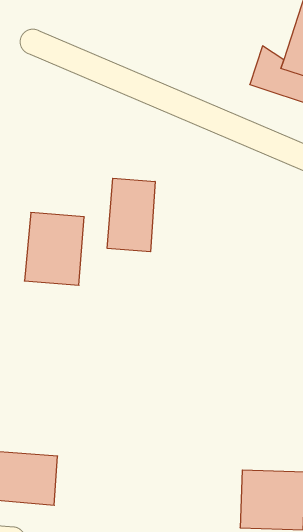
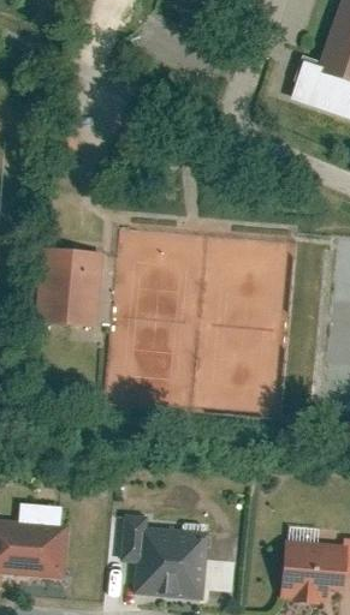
building: [107,178,155,252] -> none
building: none -> [118,519,212,595]

